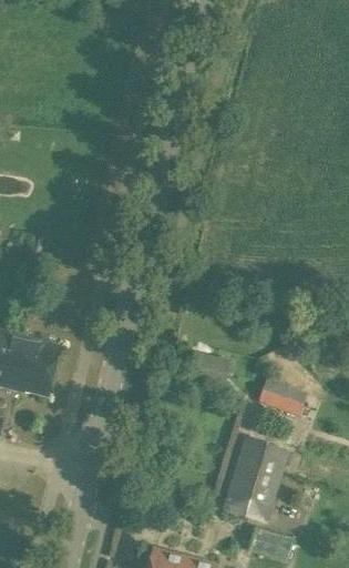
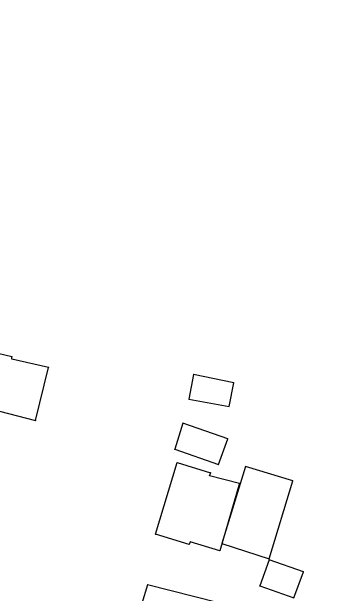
building: [258,378,308,417] -> [175,423,228,465]
building: none -> [156,463,240,551]

